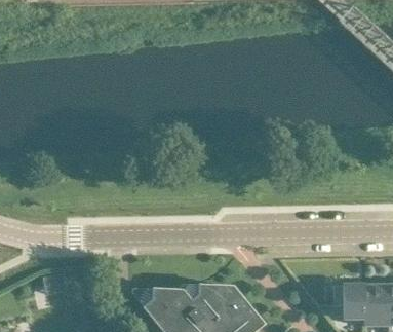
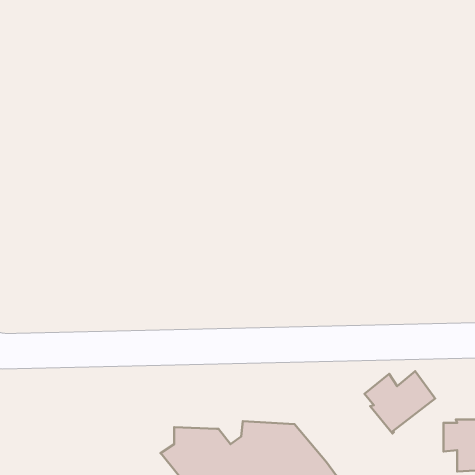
building: none -> [365,371,435,433]

